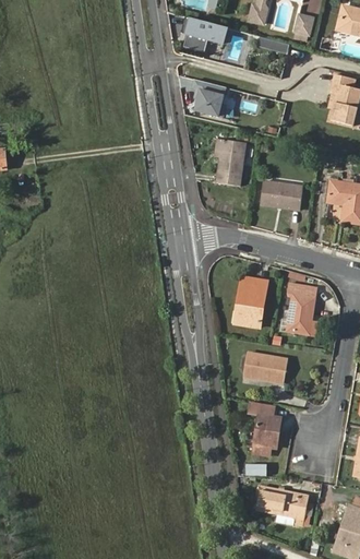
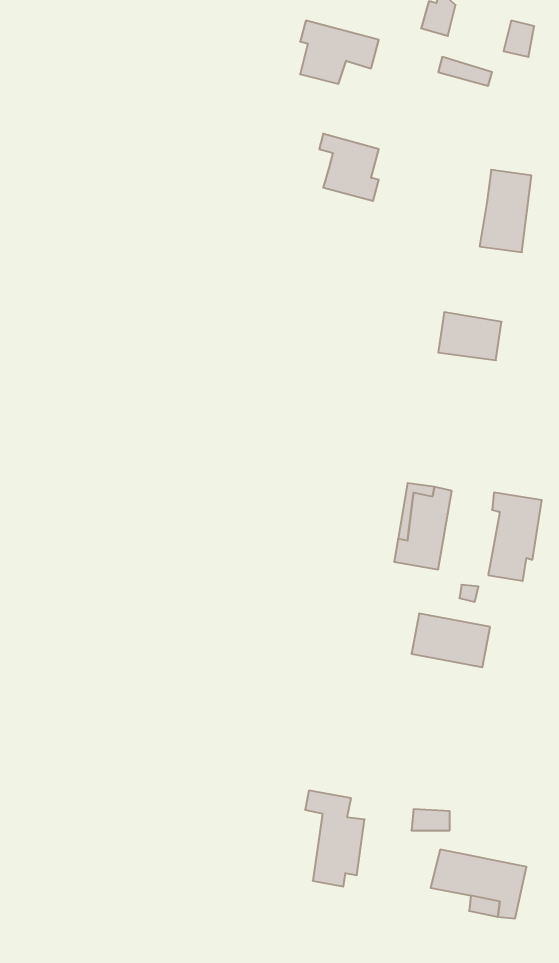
building: [216,139,245,186] -> [480,170,531,252]
building: [248,401,281,455] -> [305,791,365,887]

